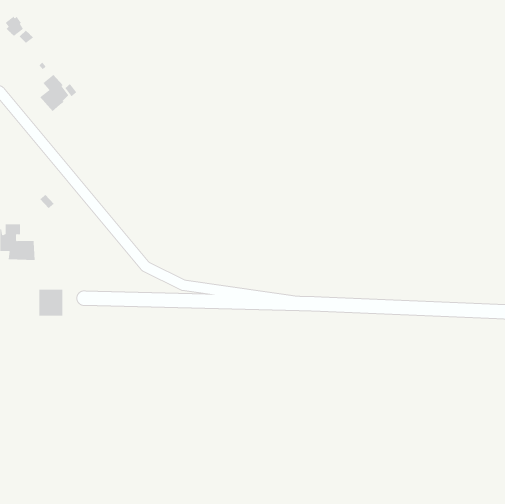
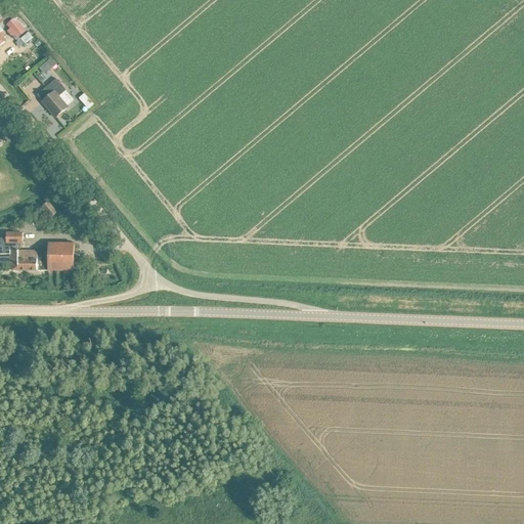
building: [38,289,63,316] -> [47,242,73,269]

